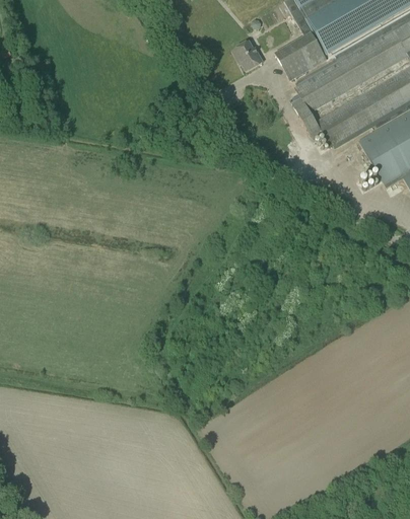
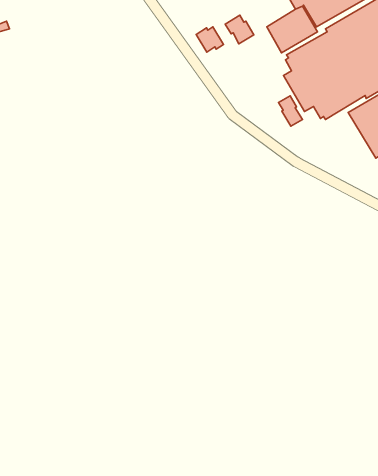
building: none -> [196,27,224,52]
building: none -> [278,96,303,126]

